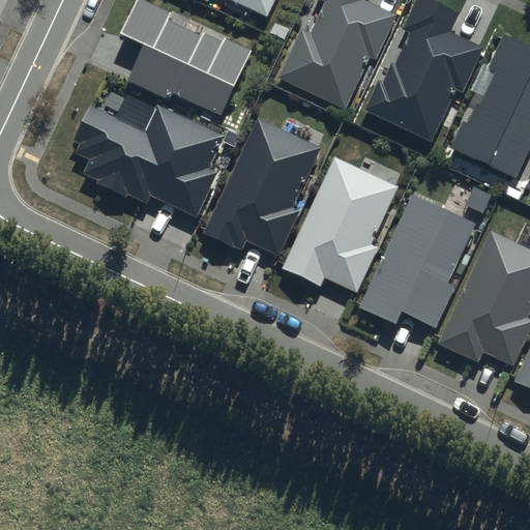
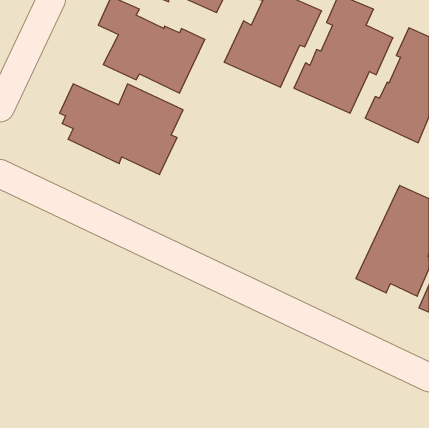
building: [204,118,322,255] -> none
building: [281,155,398,292] -> none
building: [359,192,477,328] -> none

